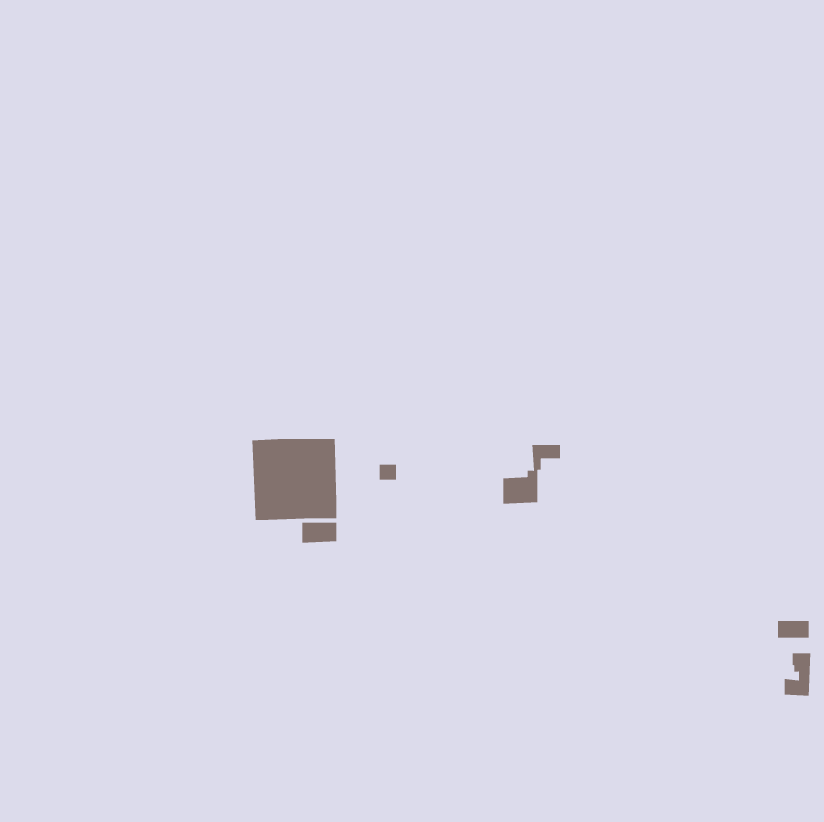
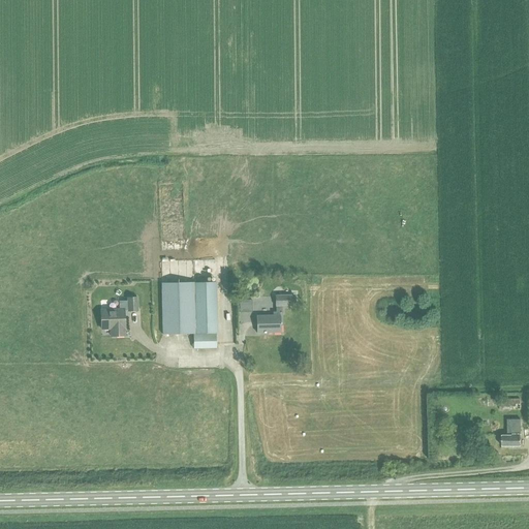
building: [503,444,561,504] -> [256,294,293,333]
building: none -> [100,298,136,335]

